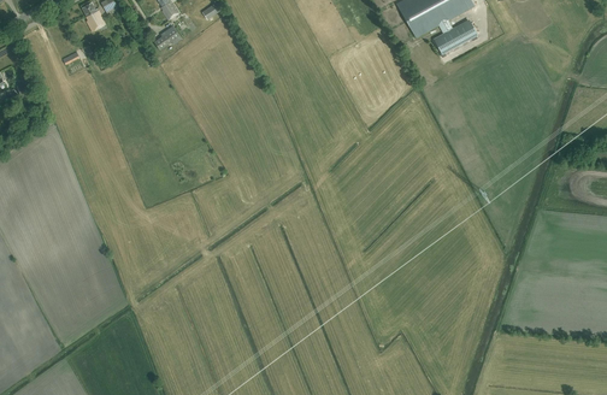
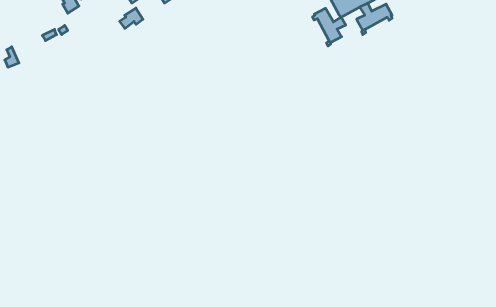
building: none -> [313,8,346,46]

